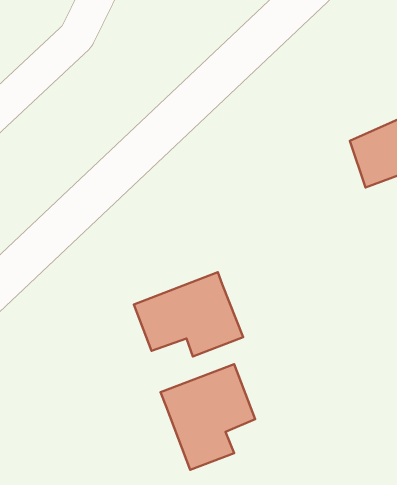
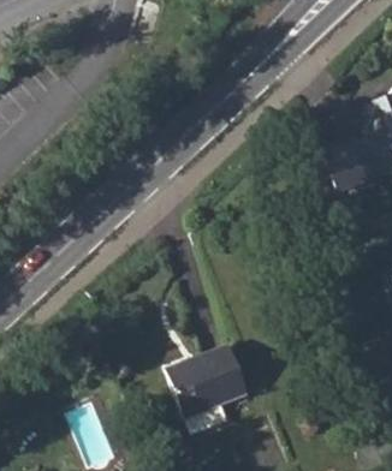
building: [134,272,243,356] -> none

